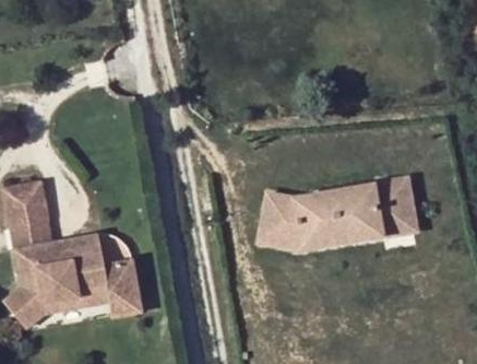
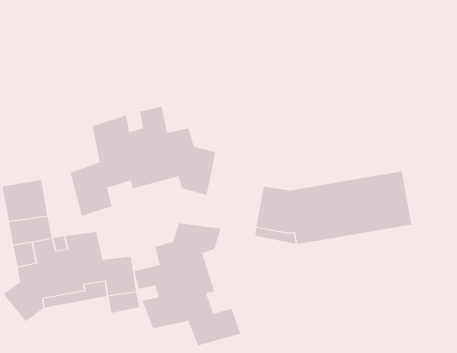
building: none -> [70,106,216,216]
building: none -> [134,222,241,346]

